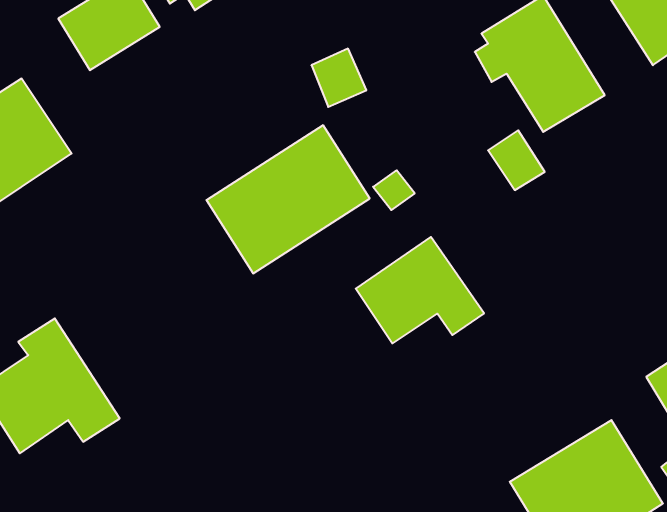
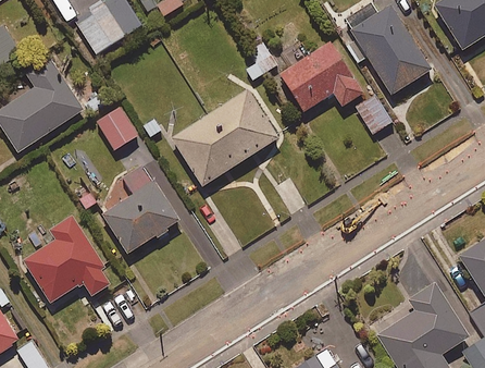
building: none -> [97,107,137,150]
building: [356,237,484,343] -> [279,42,363,112]
building: none -> [101,164,179,256]

